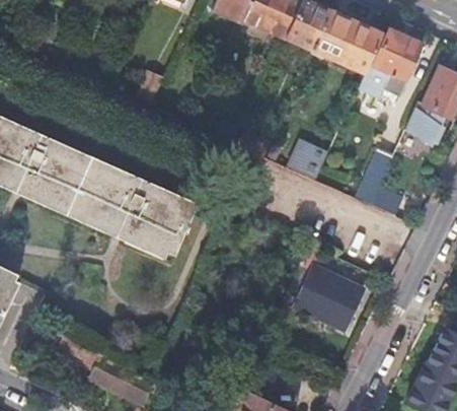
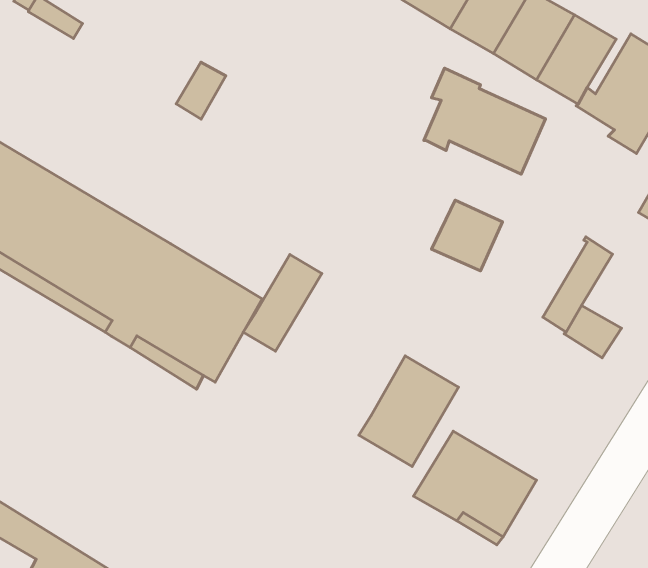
building: none -> [424,68,546,174]
building: none -> [243,254,322,351]
building: none -> [359,356,459,466]

